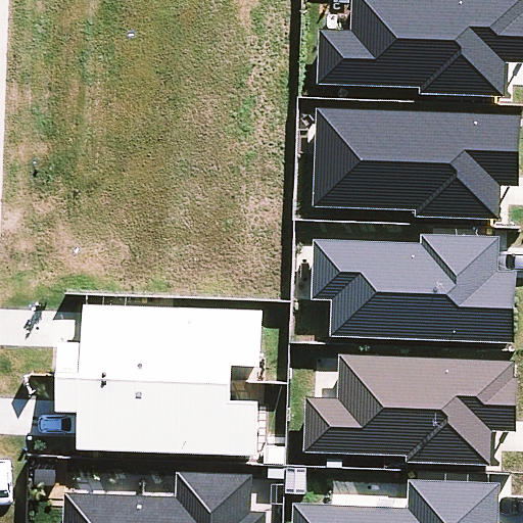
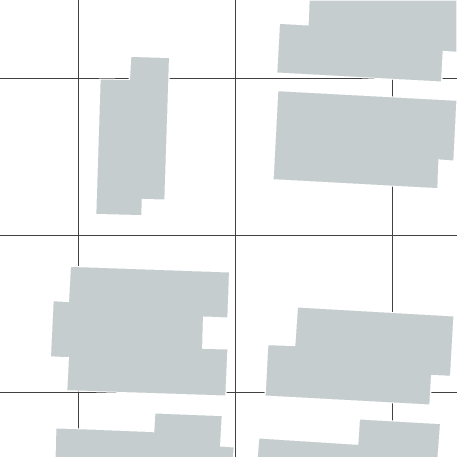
building: none -> [96,56,170,216]
building: [311,238,515,339] -> none

